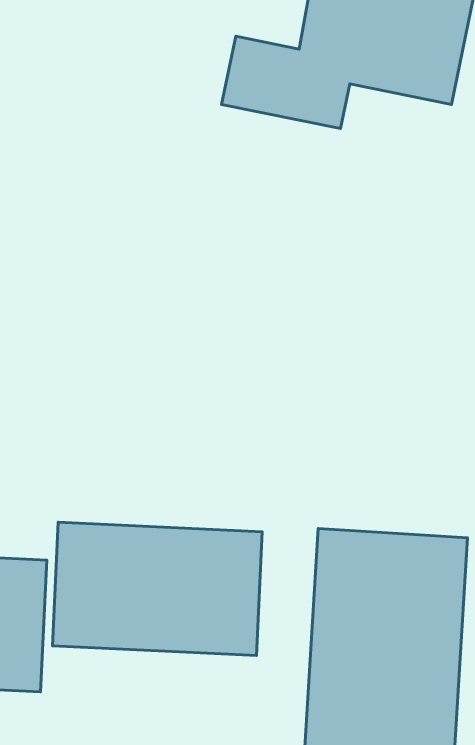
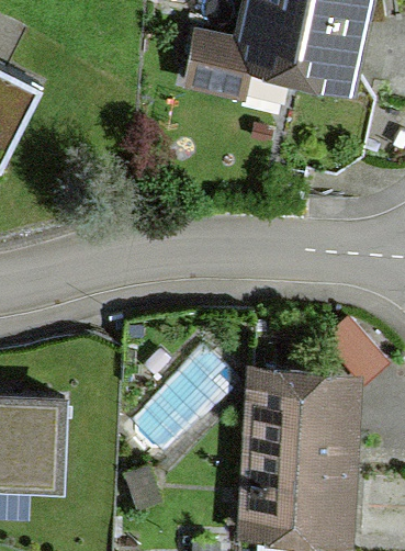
building: [52,522,262,656] -> none

